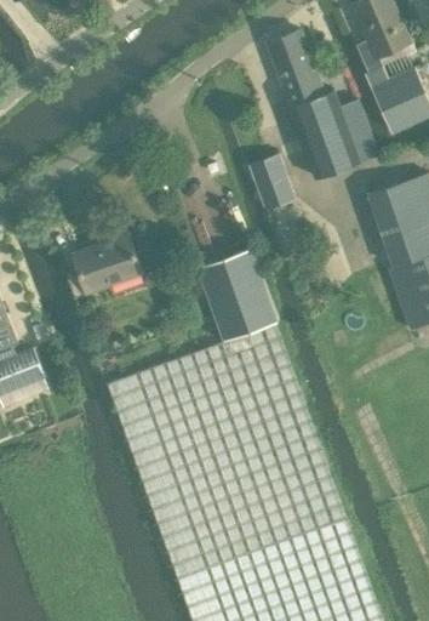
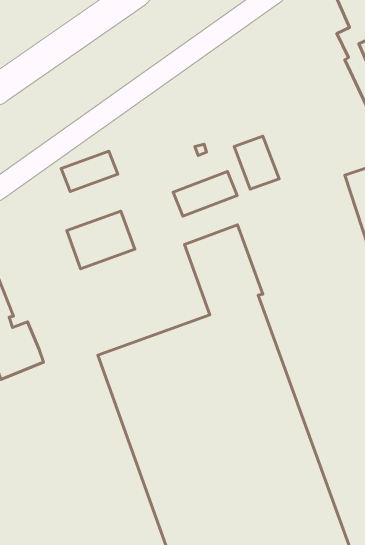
building: [268,29,381,177] -> none
building: none -> [61,151,118,191]
building: none -> [173,171,237,216]

